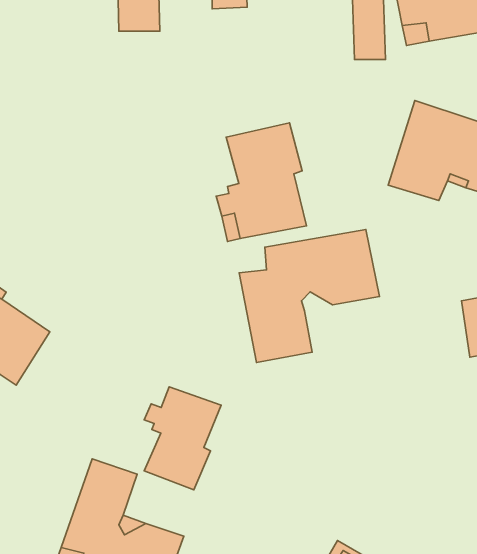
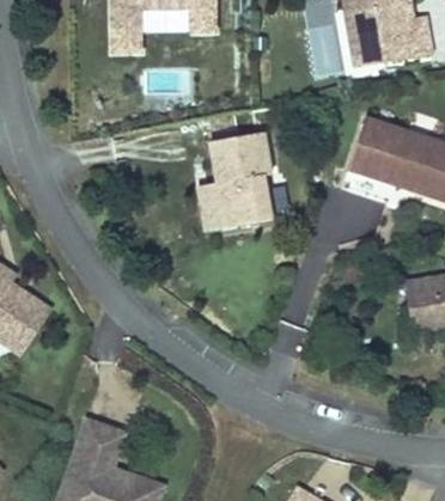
building: [239,230,379,363] -> none
building: [144,387,221,490] -> none

